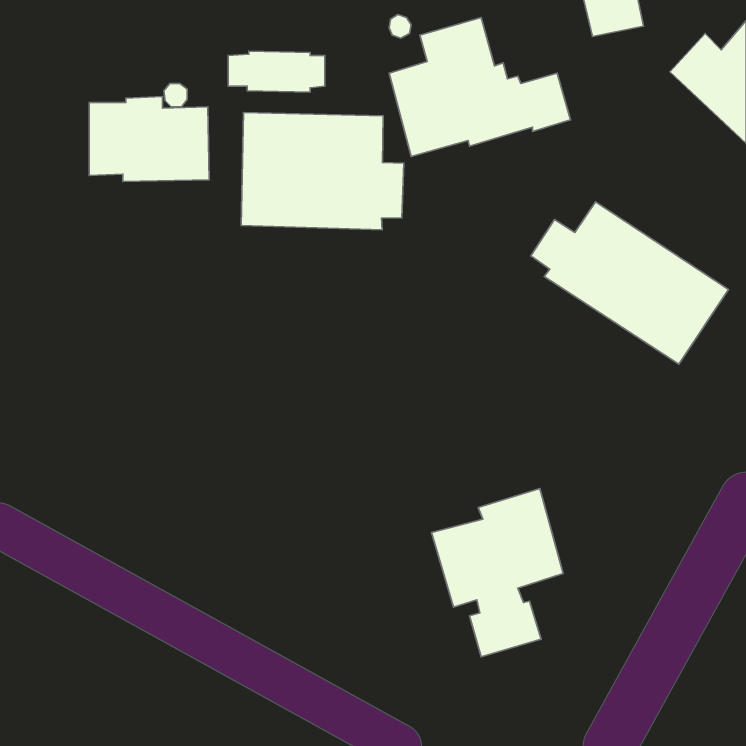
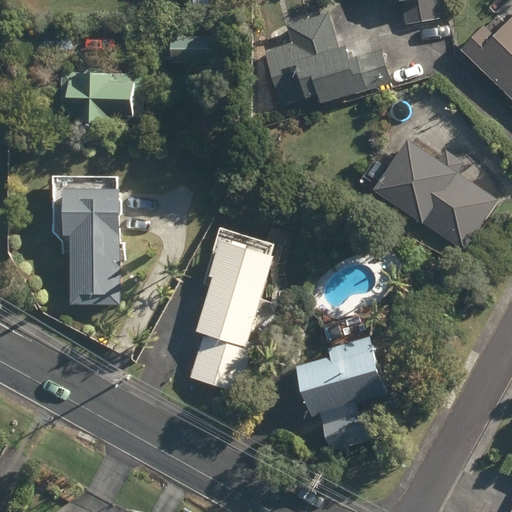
building: [241,113,404,230] -> none
building: none -> [60,185,124,303]
building: none -> [190,240,272,391]

